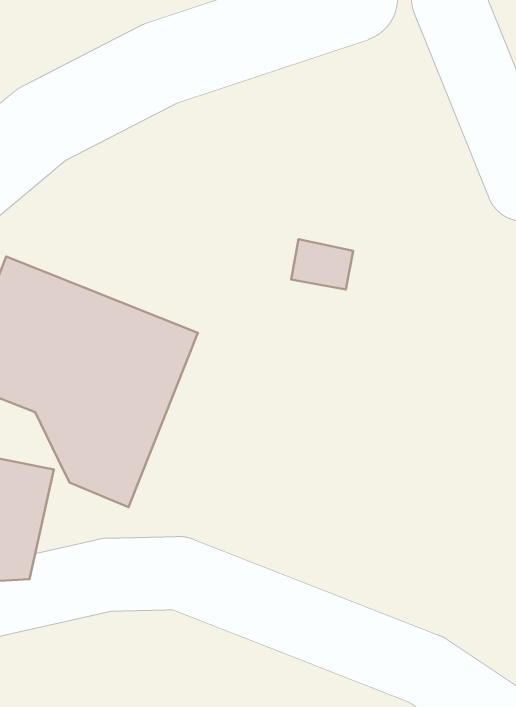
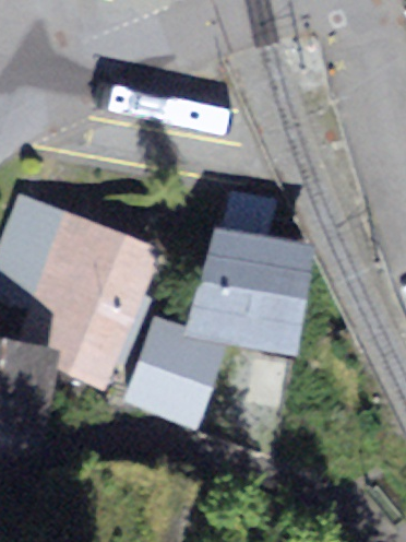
building: none -> [201,238,304,347]
building: none -> [139,331,210,413]

